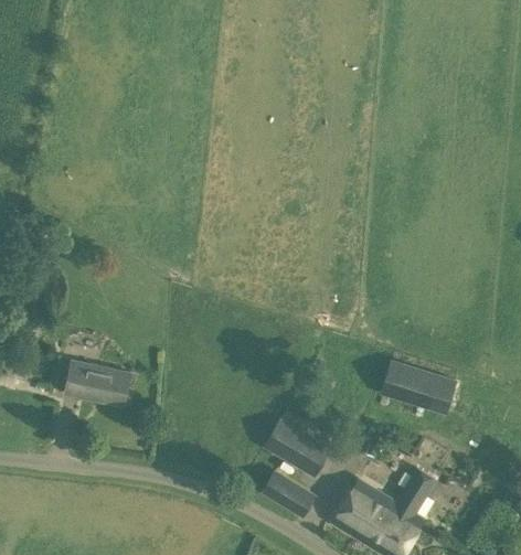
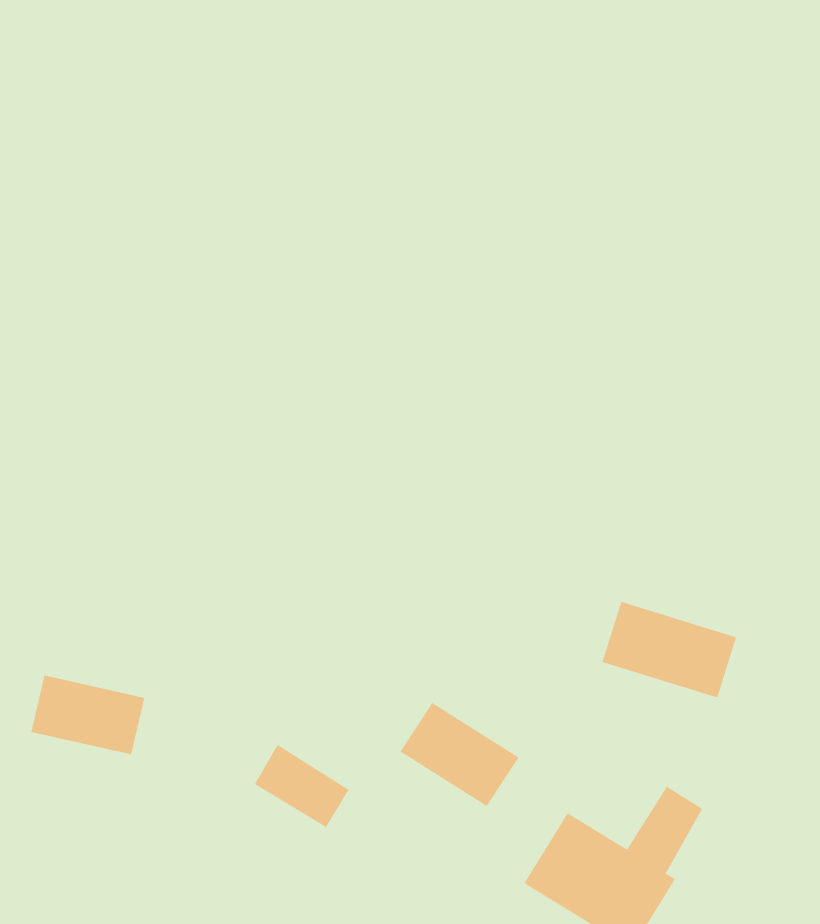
building: [65,359,131,405] -> [31,675,145,755]
building: [262,468,317,516] -> [254,744,350,828]

